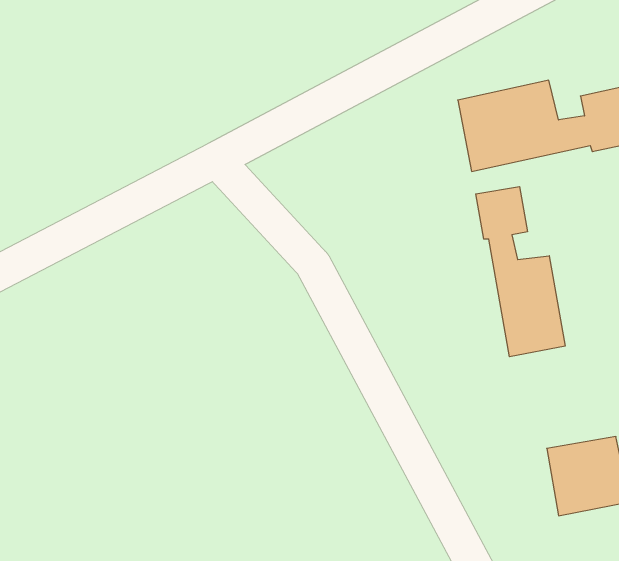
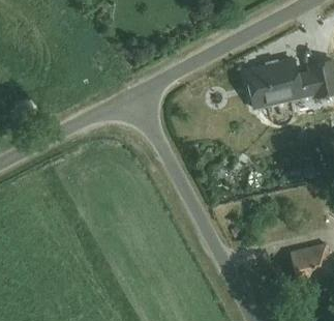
building: [476,187,565,357] -> none

